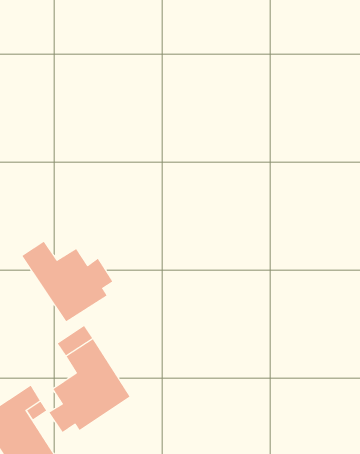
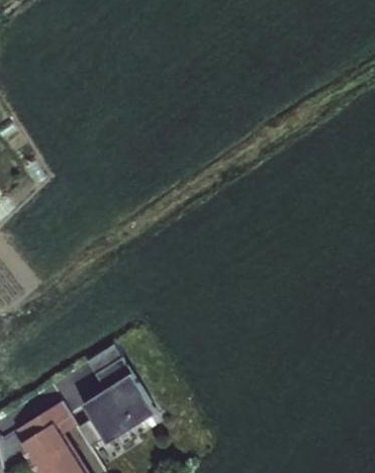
building: [22,241,113,322] -> none

